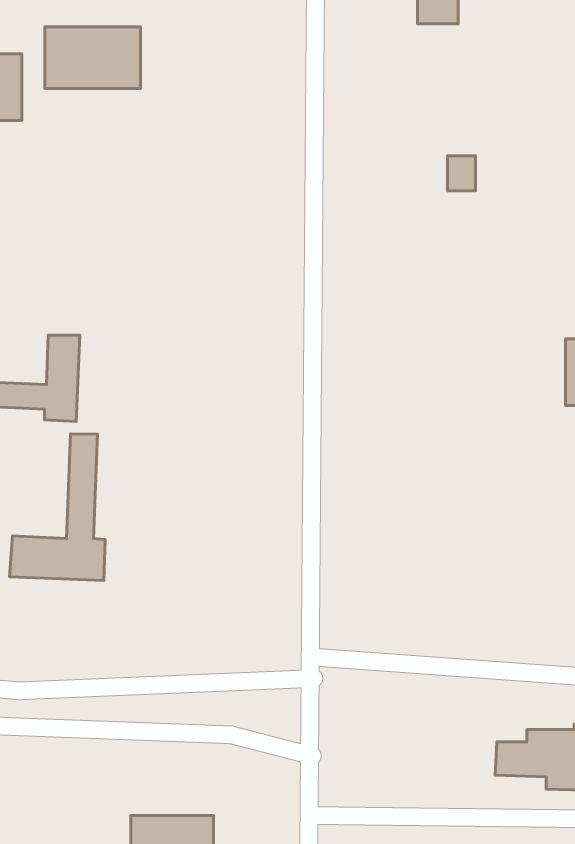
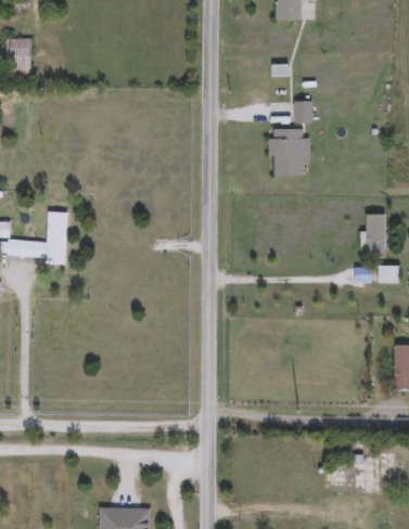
building: [45,27,141,88] -> none
building: none -> [271,128,309,176]
building: [9,434,105,581] -> none

